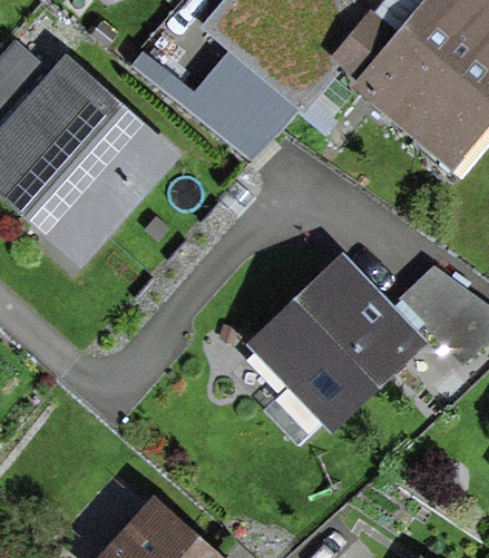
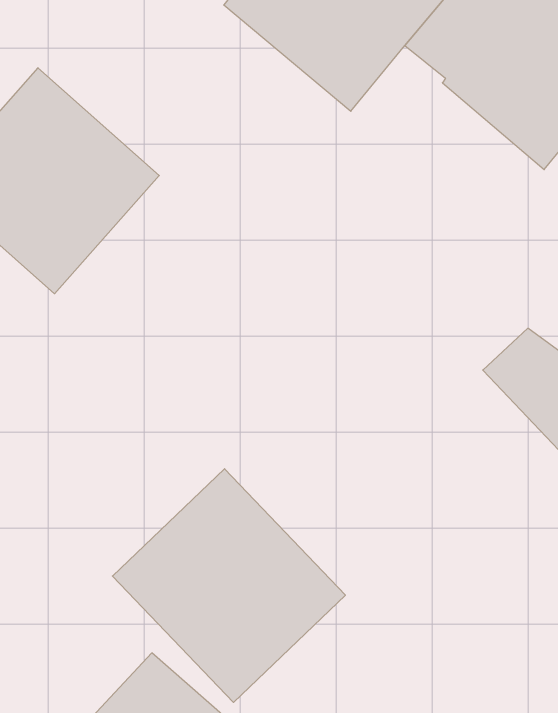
building: [262,266,412,417] -> none
building: none -> [112,469,345,702]

